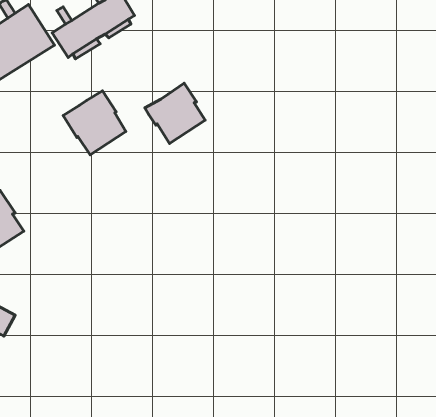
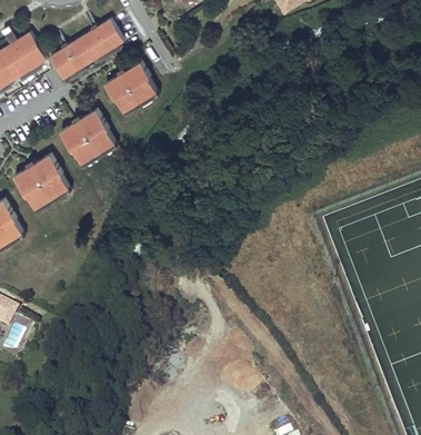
building: [145,83,205,144] -> [103,59,158,113]
building: none -> [12,151,70,210]

